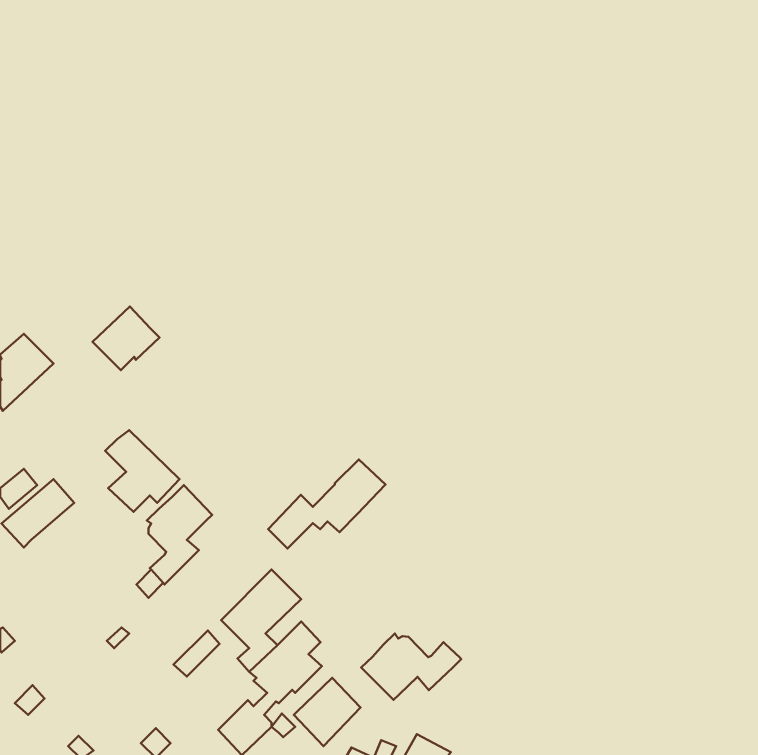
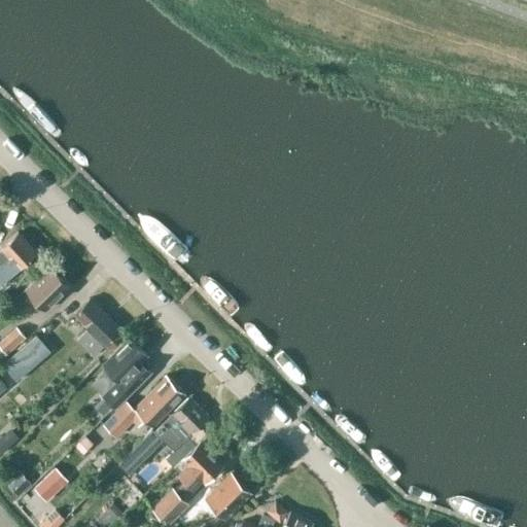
building: [93,306,159,370] -> [25,266,71,310]
building: [268,459,385,548] -> [103,377,184,438]
building: [361,634,461,700] -> none
building: none -> [33,471,66,504]

